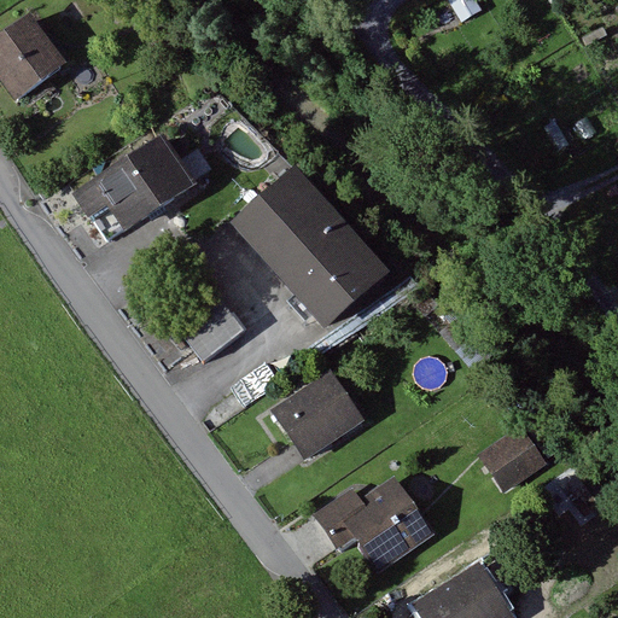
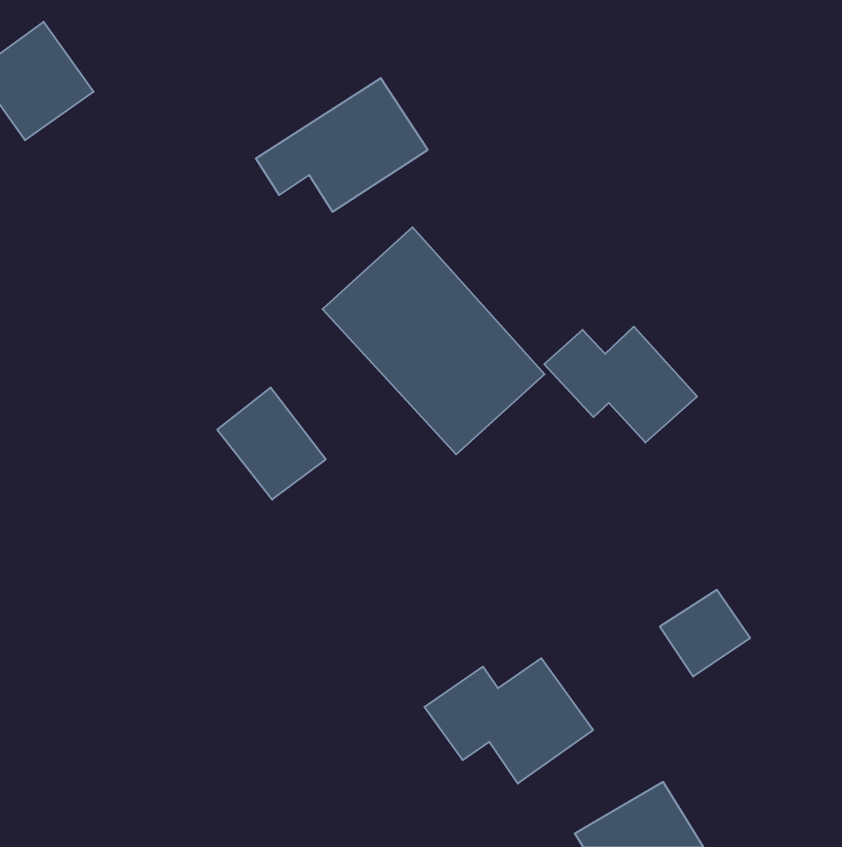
building: [74,138,198,234] -> [256,78,428,212]
building: none -> [544,327,697,443]
building: [269,368,362,459] -> none

